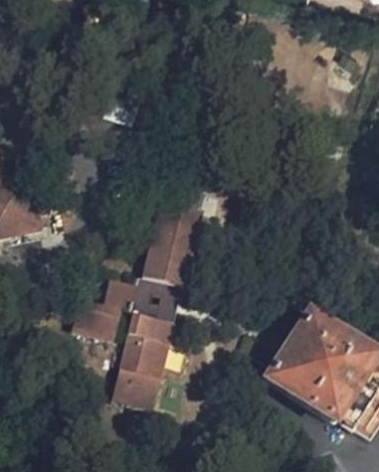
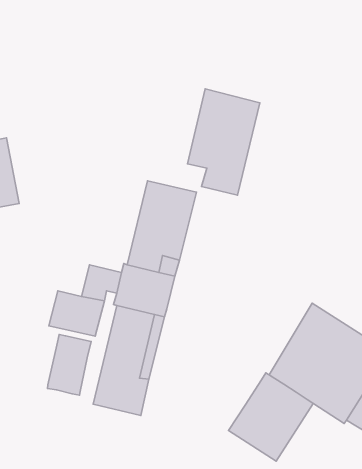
building: none -> [187,89,260,195]
building: none -> [47,335,91,395]
building: none -> [229,373,313,461]

